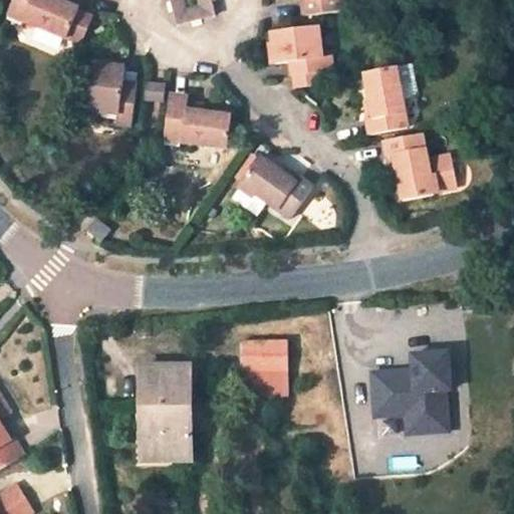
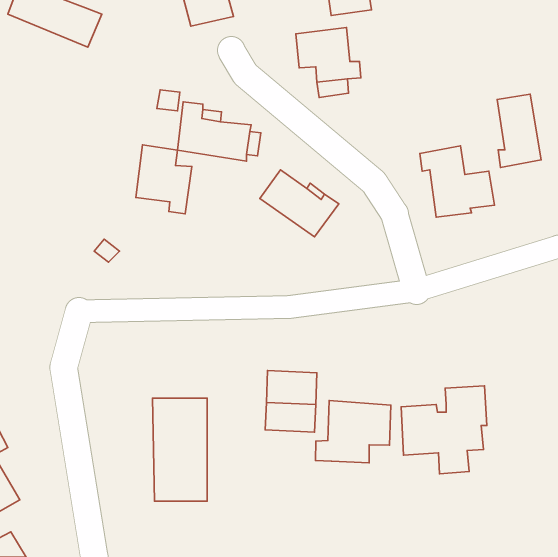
building: [85,61,137,124] -> [136,145,192,214]
building: [365,66,406,134] -> [497,94,541,168]
building: none -> [315,401,391,463]

